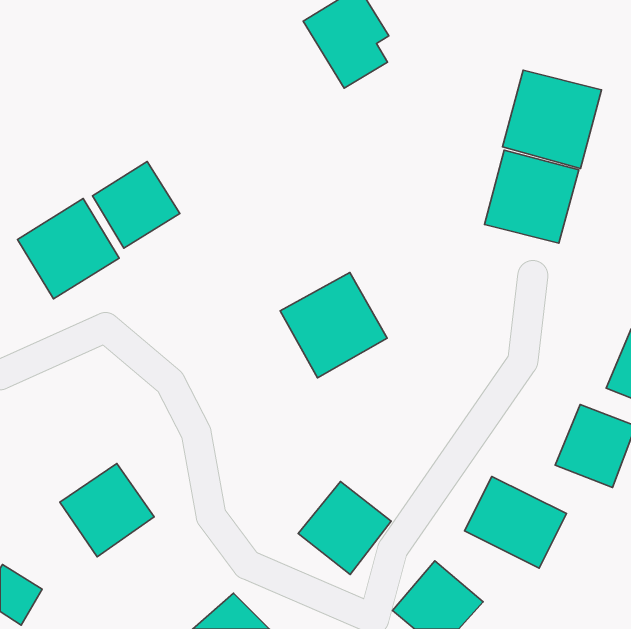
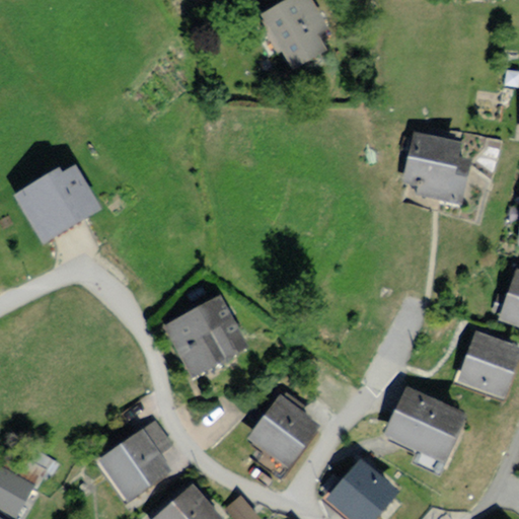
building: [503,70,601,169] -> none
building: [93,161,180,248] -> none
building: [280,272,387,378] -> [162,293,249,379]
building: [60,464,154,557] -> [96,428,173,504]

